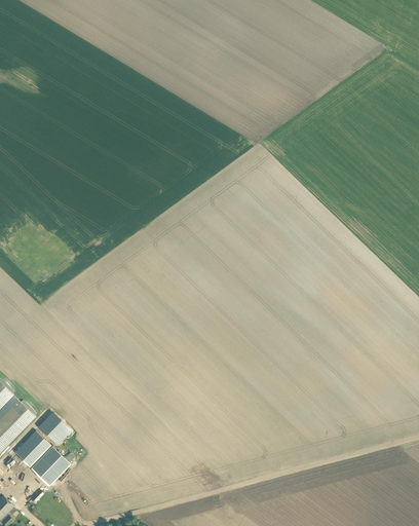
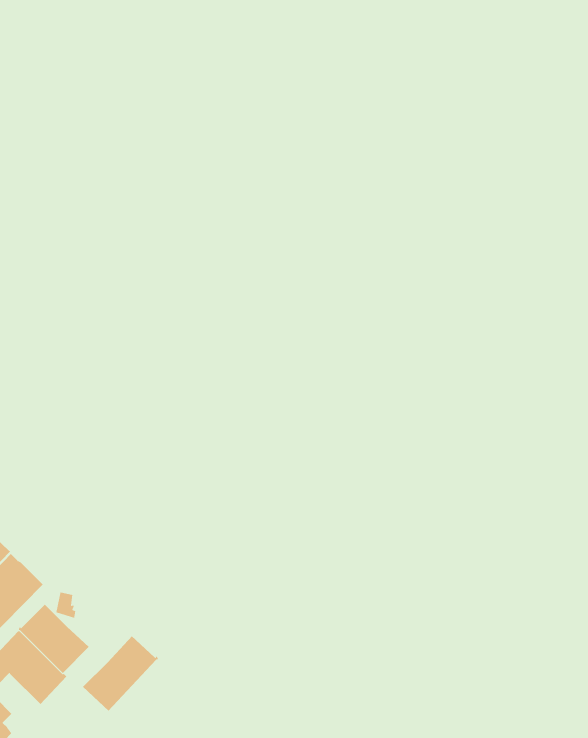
building: none -> [82,636,158,711]

